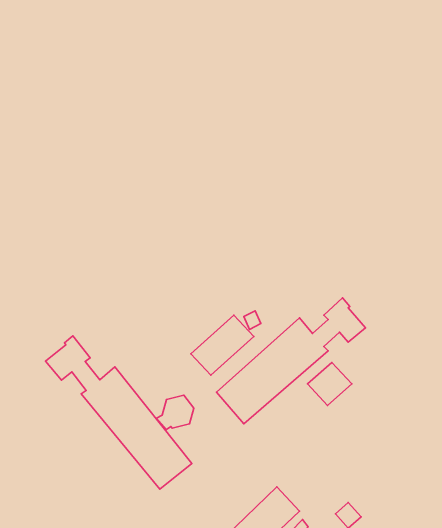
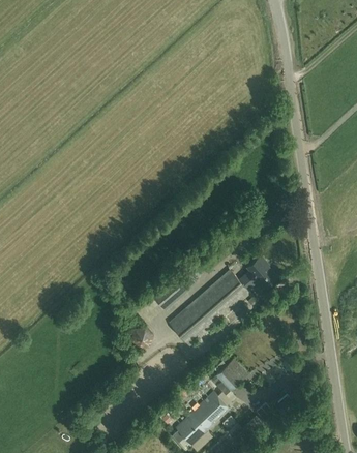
building: [46,336,192,489] -> none
building: [307,362,352,405] -> [216,359,248,390]

